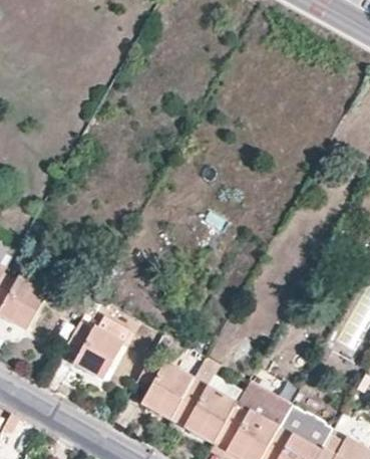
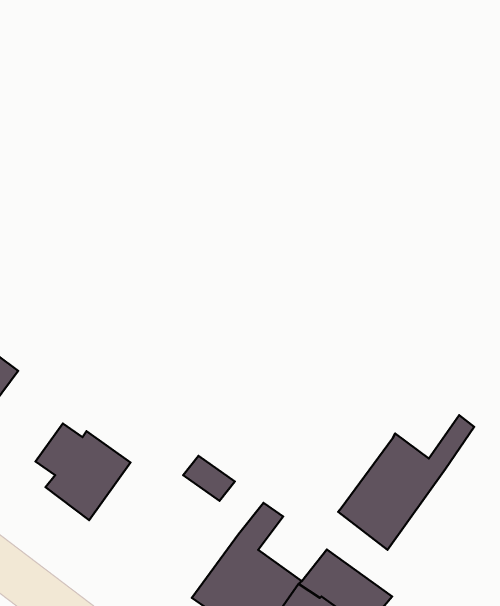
building: none -> [338,415,474,550]
building: [136,357,196,420] -> none

